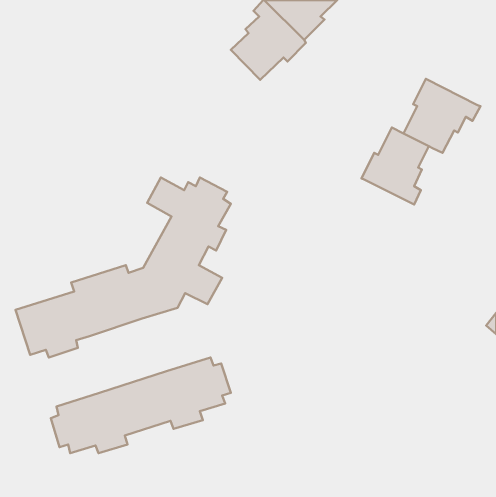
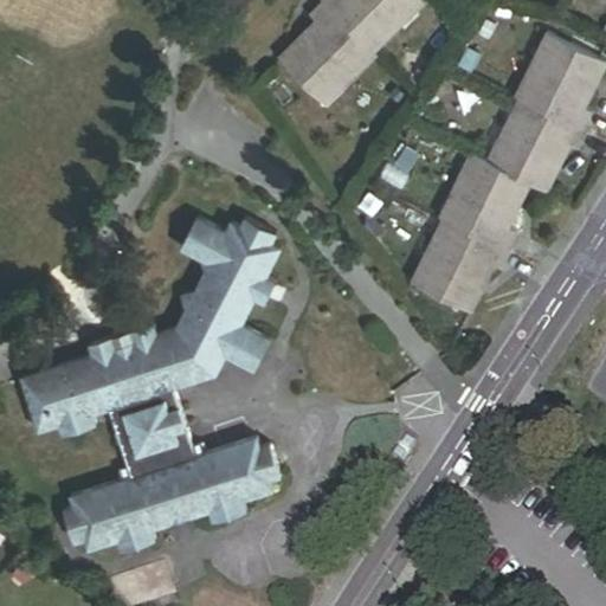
building: none -> [514,34,598,129]
building: none -> [415,219,505,308]
building: none -> [109,388,202,478]

